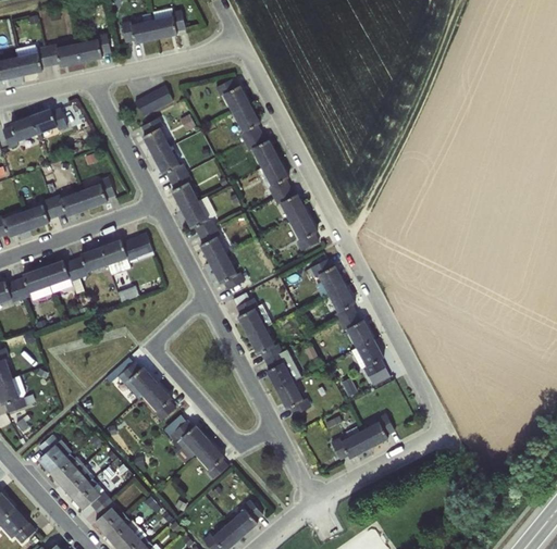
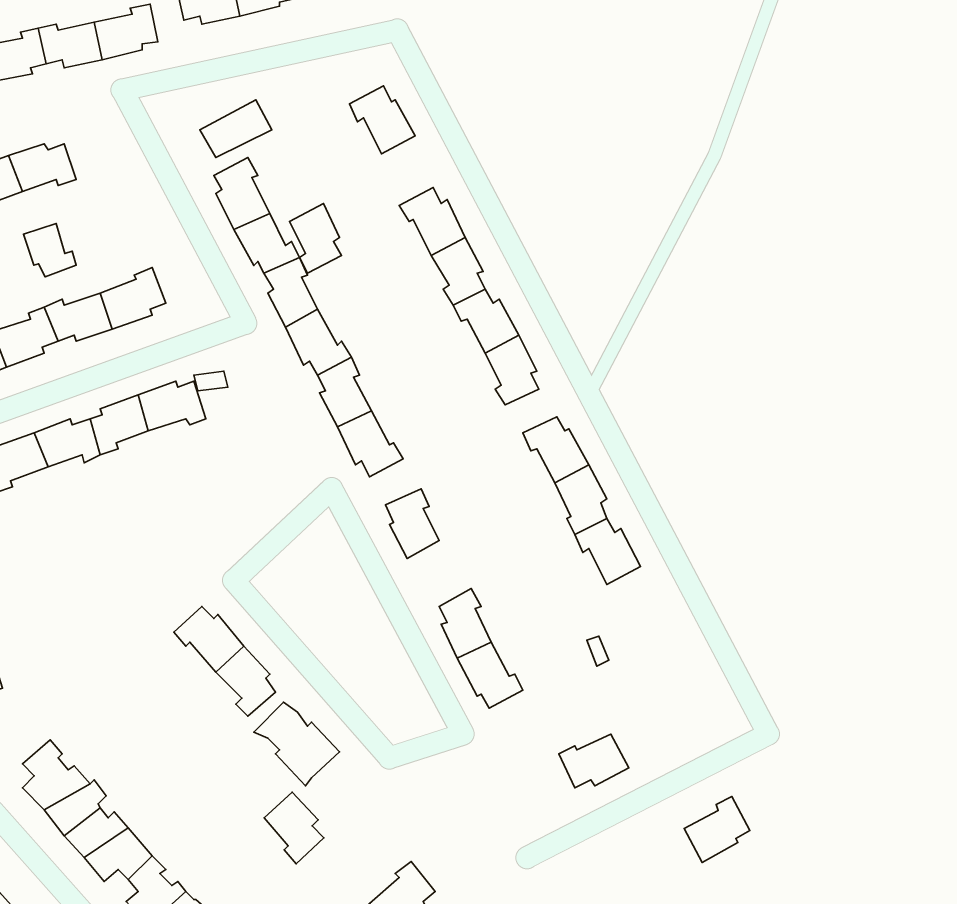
building: [233,104,261,142] -> [290,204,341,273]
building: none -> [23,223,76,277]
building: [247,325,282,361] -> none
building: [350,339,389,385] -> none
building: [358,413,394,449] -> [684,797,750,862]
building: [195,440,227,479] -> [264,792,324,864]

